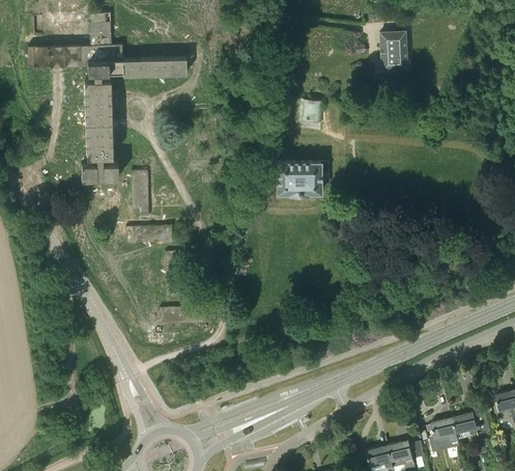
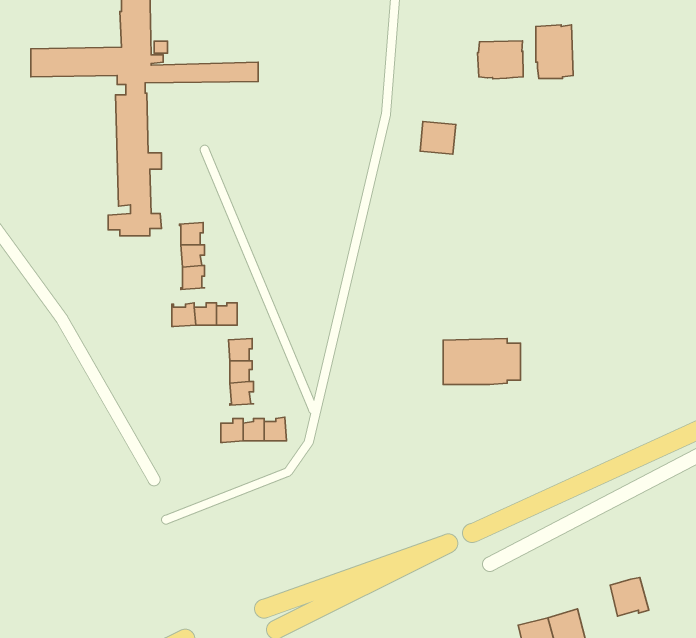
building: none -> [477,41,523,79]
building: [276,161,330,193] -> [443,339,521,385]
building: [452,411,479,440] -> none

